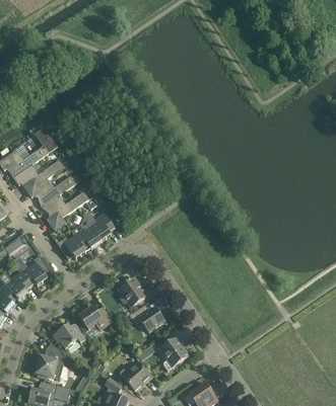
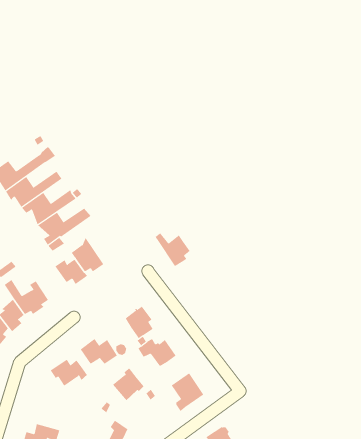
building: [82,211,114,241] -> [155,232,191,267]
building: [35,343,63,380] -> none
building: [122,360,150,390] -> [112,368,144,401]

